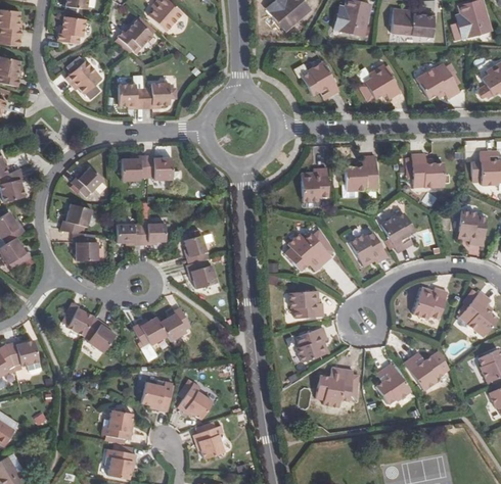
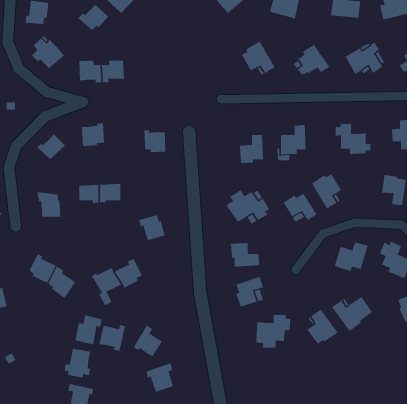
building: [146,154,172,180] -> [144,130,166,153]
building: [60,203,91,233] -> none
building: [183,228,208,262] -> none
building: none -> [75,315,102,345]

